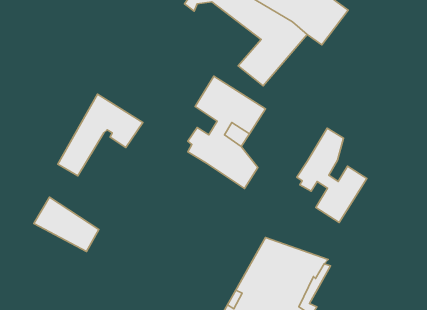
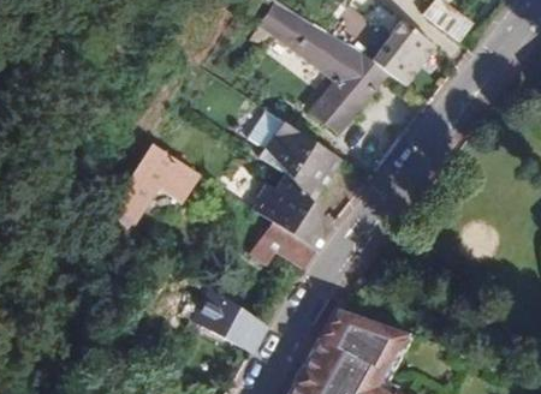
building: [297,128,367,222] -> none
building: none -> [249,222,315,269]
building: [34,197,99,252] -> [191,291,266,353]

